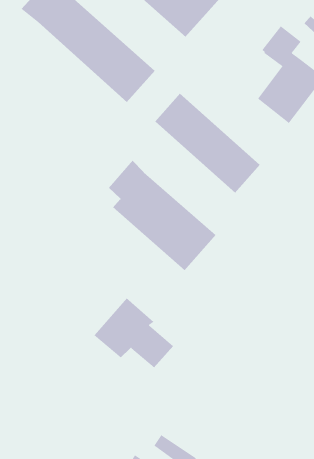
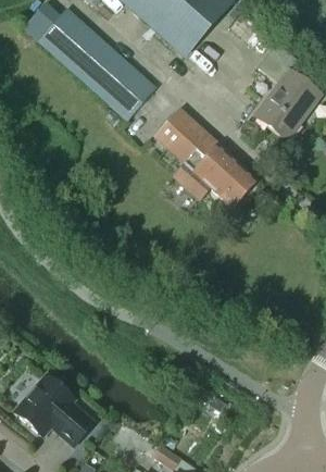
building: [108,160,217,271] -> none
building: [93,297,174,368] -> [13,375,92,445]

